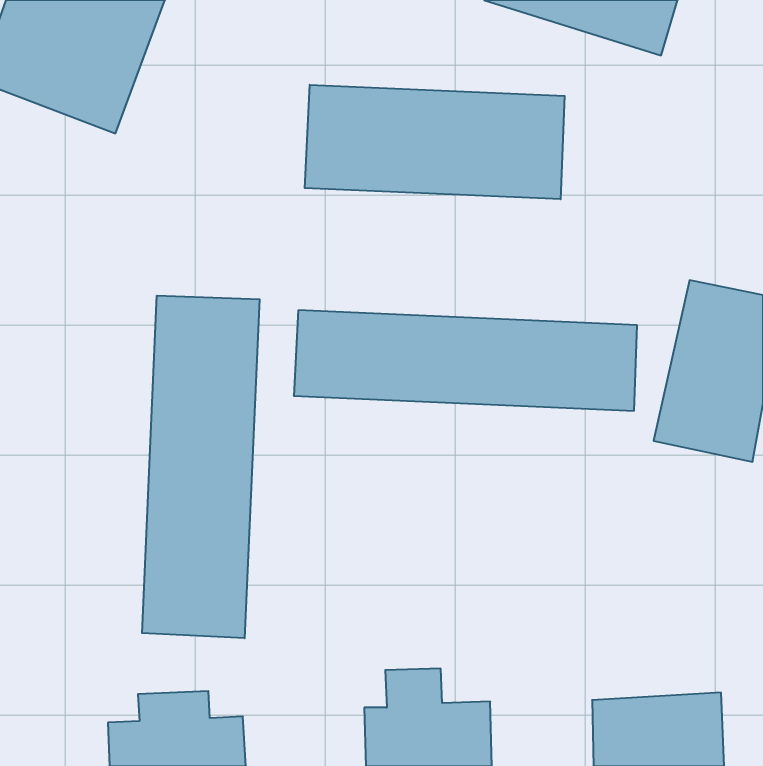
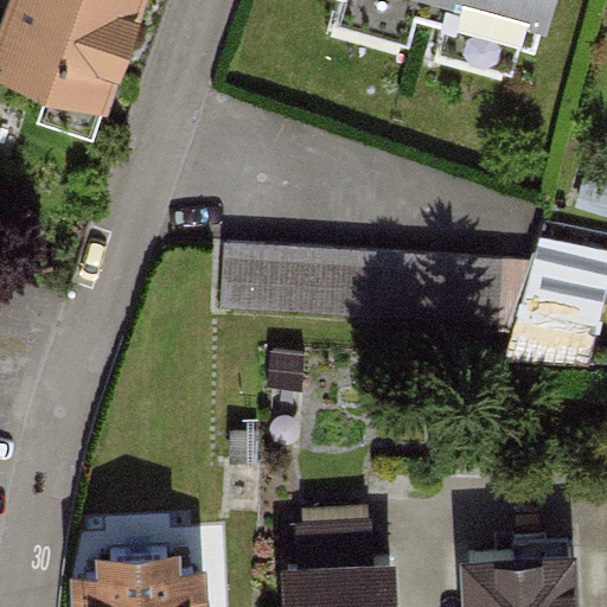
building: [305,85,565,199] -> none
building: [142,296,260,638] -> none

